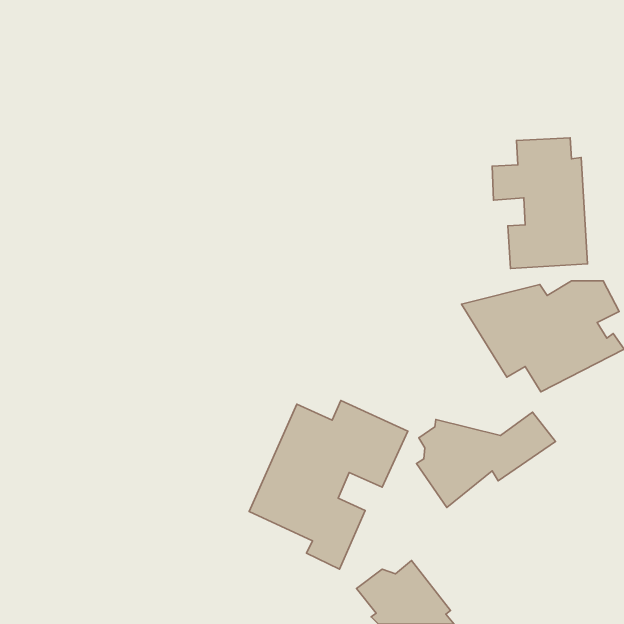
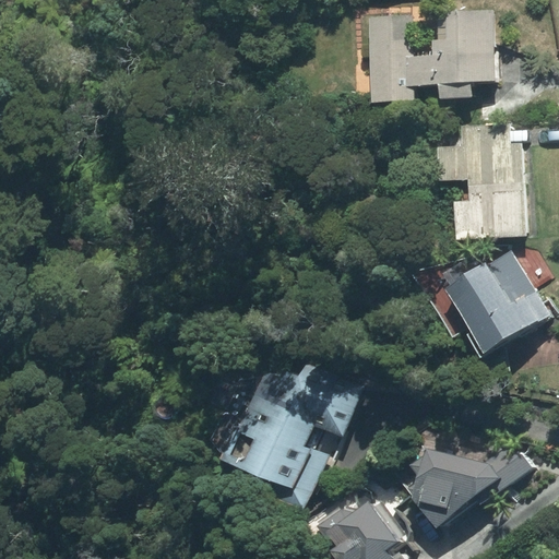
building: none -> [368,11,496,103]
building: [416,412,556,508] -> [408,442,533,527]

